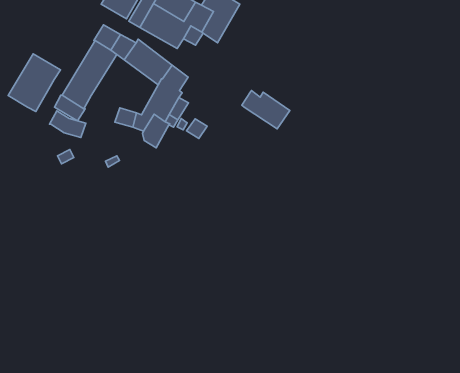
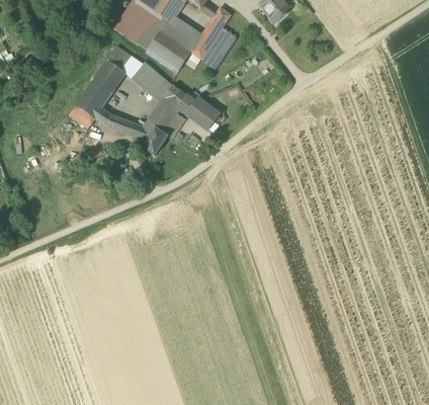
building: [8,54,61,111] -> none
building: [242,91,290,129] -> [178,95,220,130]
building: [50,111,86,138] -> [94,107,125,132]

